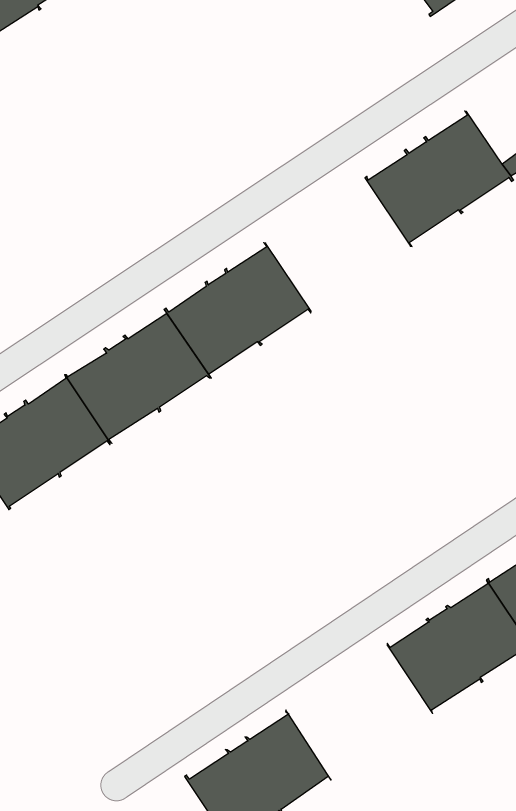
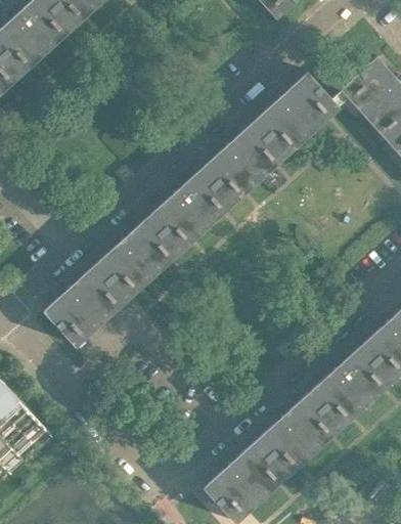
building: none -> [202,120,286,203]
building: none -> [256,391,342,475]

